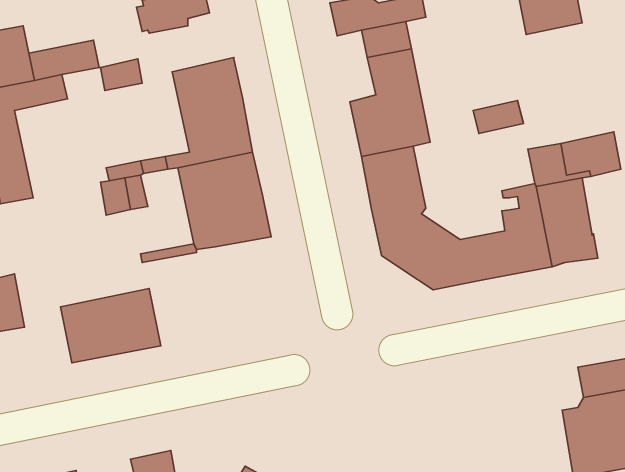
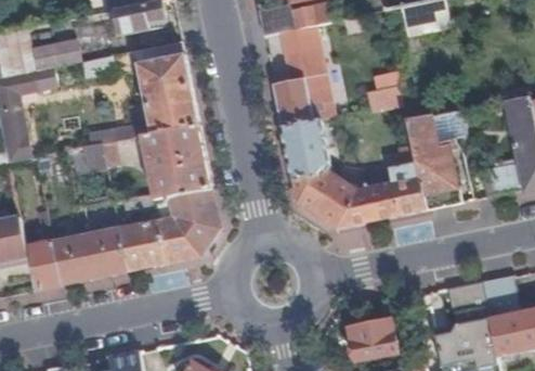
building: none -> [119,188,220,270]
building: none -> [29,209,61,287]
building: none -> [345,320,394,360]

